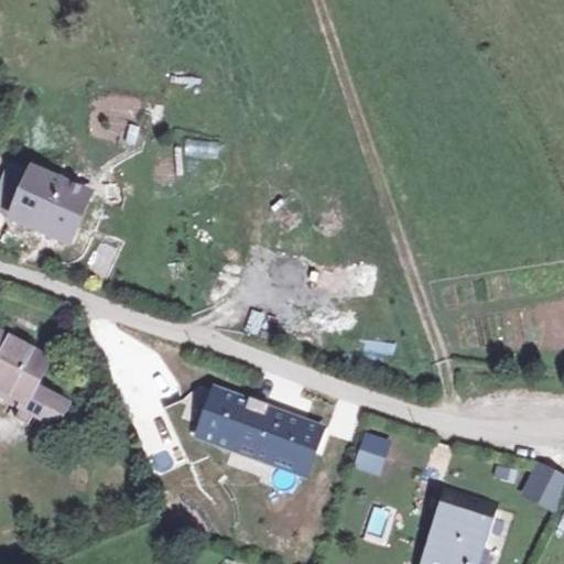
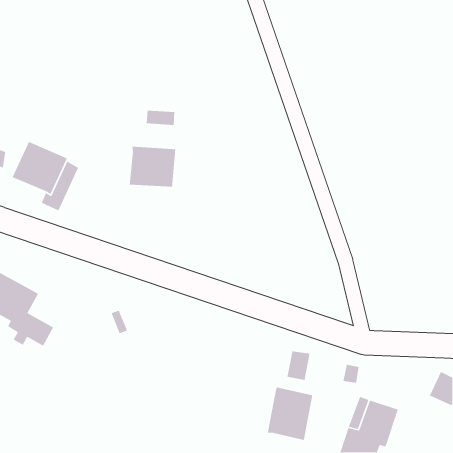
building: none -> [129,146,176,188]
building: [182,379,323,475] -> none
building: none -> [267,387,313,441]

